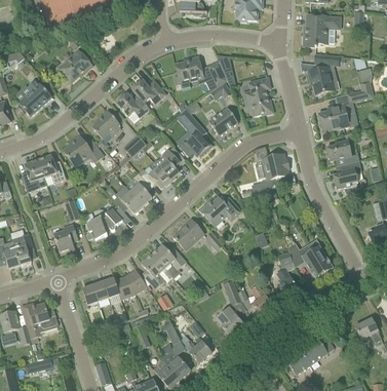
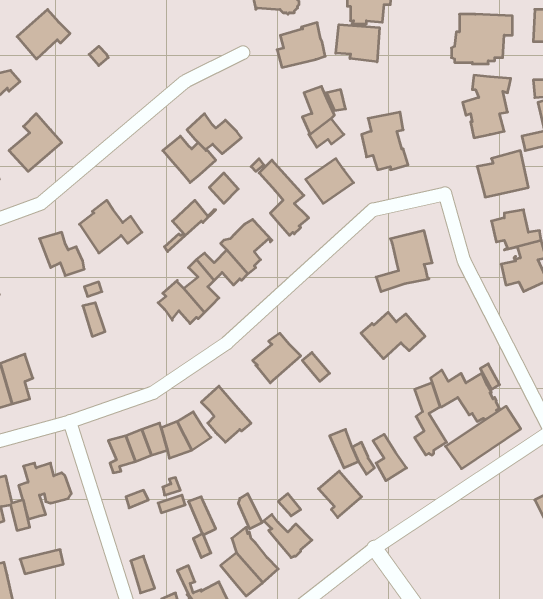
building: none -> [336,25,379,62]
building: [59,49,92,81] -> [17,9,70,59]
building: [172,55,203,84] -> [277,23,325,67]
building: [91,109,120,148] -> none
building: [23,158,46,191] -> none
building: [200,196,241,226] -> [361,312,425,359]
building: [85,203,122,238] -> none
building: [53,224,78,250] -> none
building: [152,243,186,269] -> none
building: [285,334,334,374] -> [445,406,521,469]

